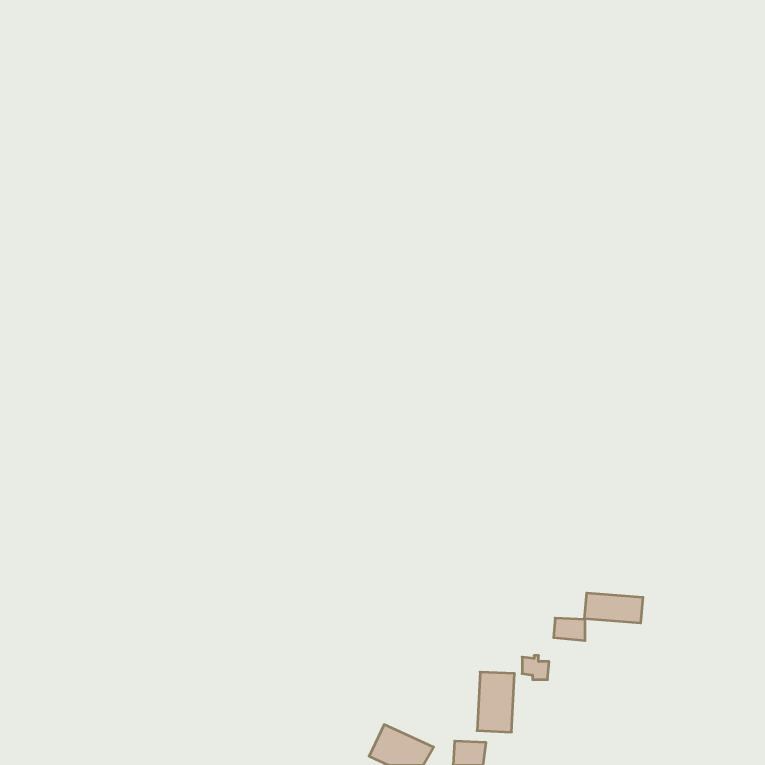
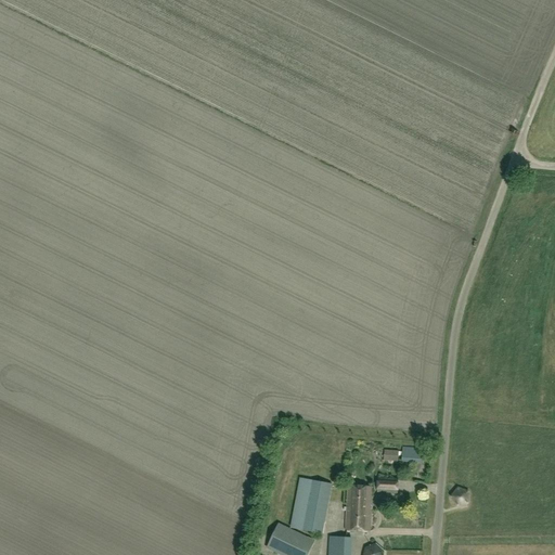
building: [584,593,643,623] -> none
building: none -> [301,479,332,533]

